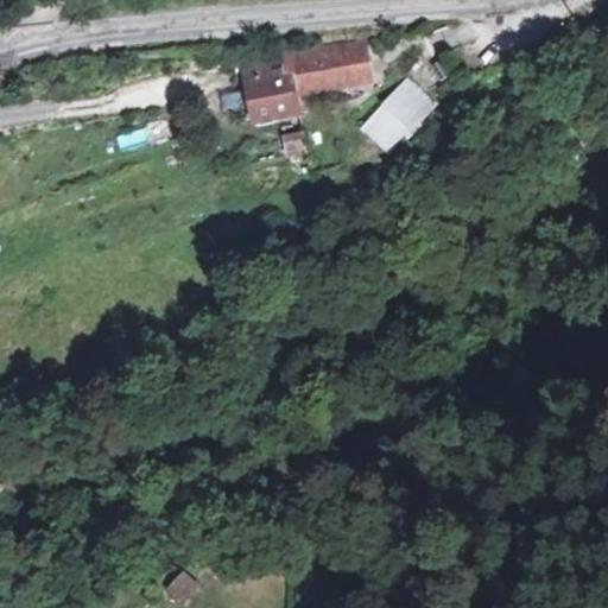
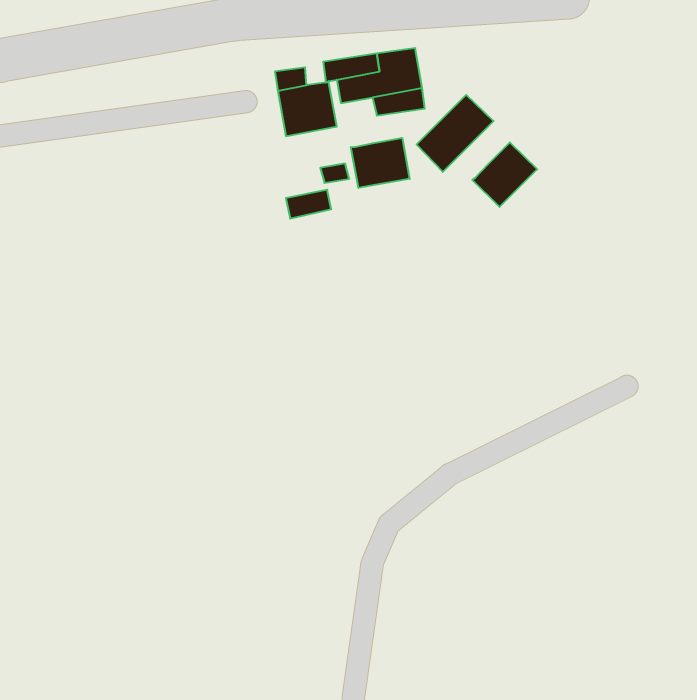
building: none -> [351,138,410,188]
building: none -> [472,142,537,207]

